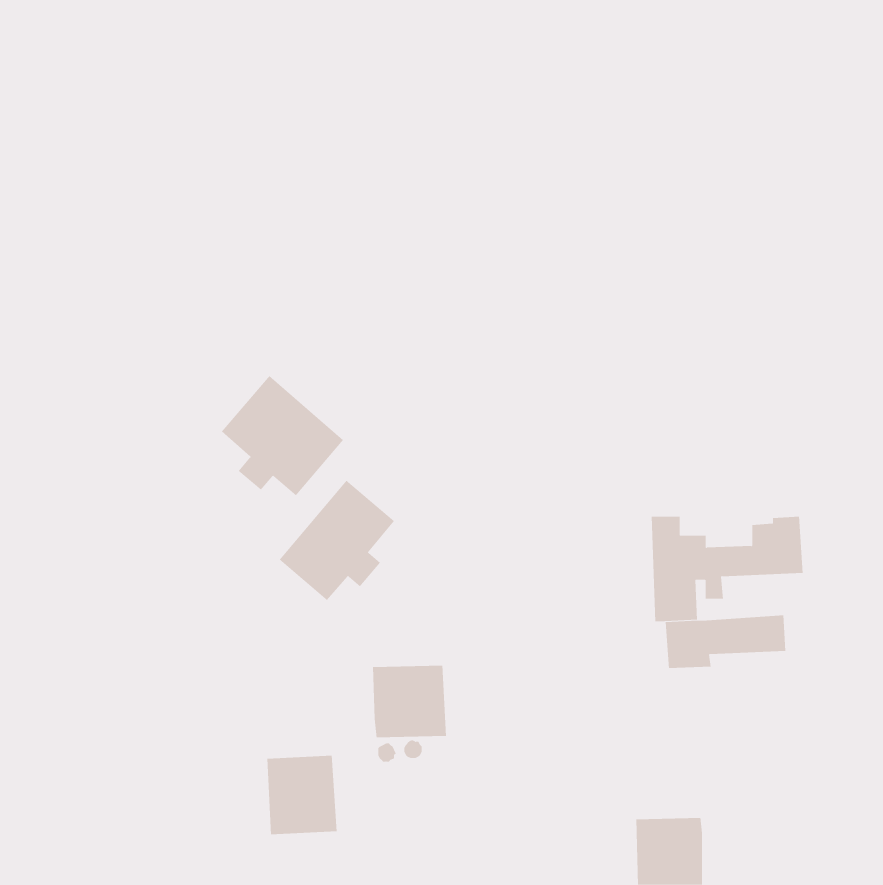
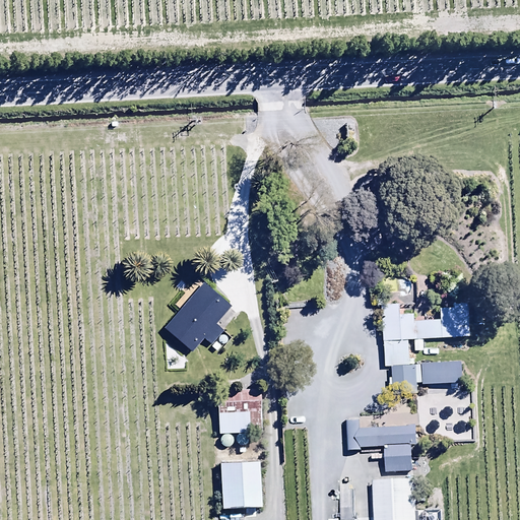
building: [221,375,344,496] -> none
building: none -> [345,417,415,471]
building: [267,755,338,835] -> [220,462,262,509]

